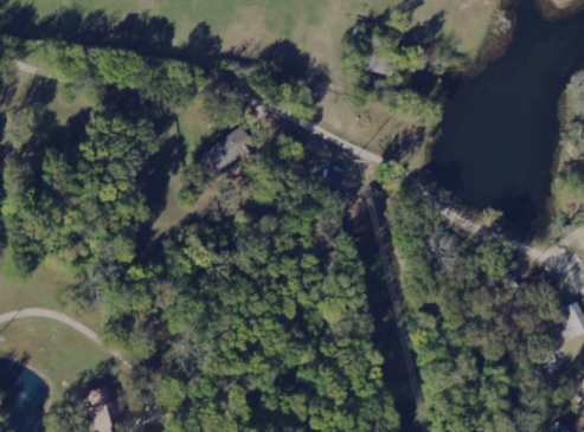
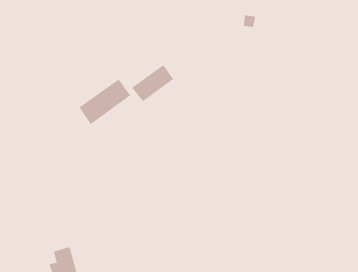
building: none -> [79,78,131,125]

